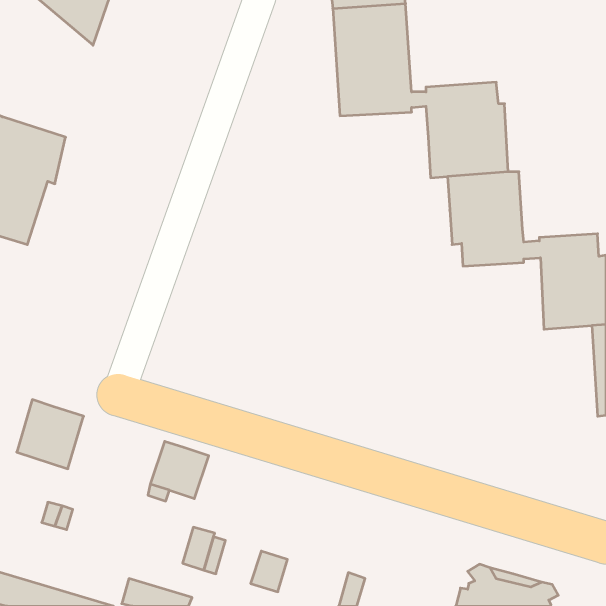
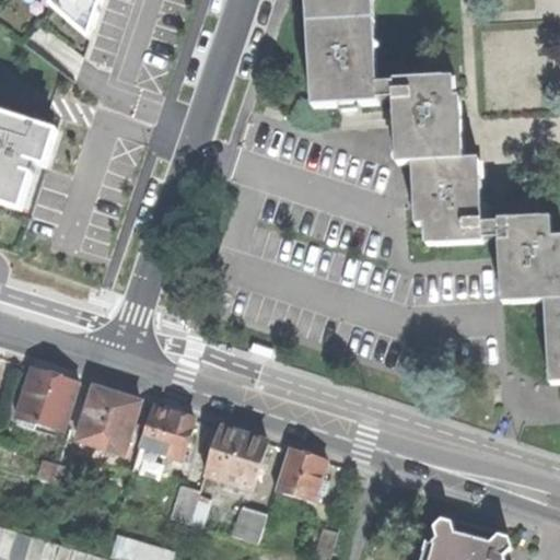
building: none -> [77,386,139,456]
building: none -> [202,425,264,487]
building: none -> [272,447,325,500]

